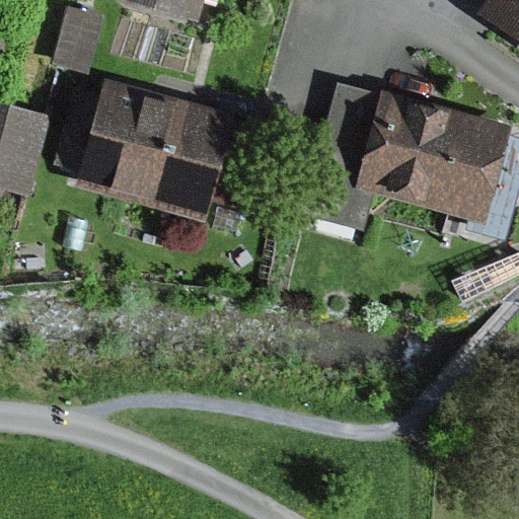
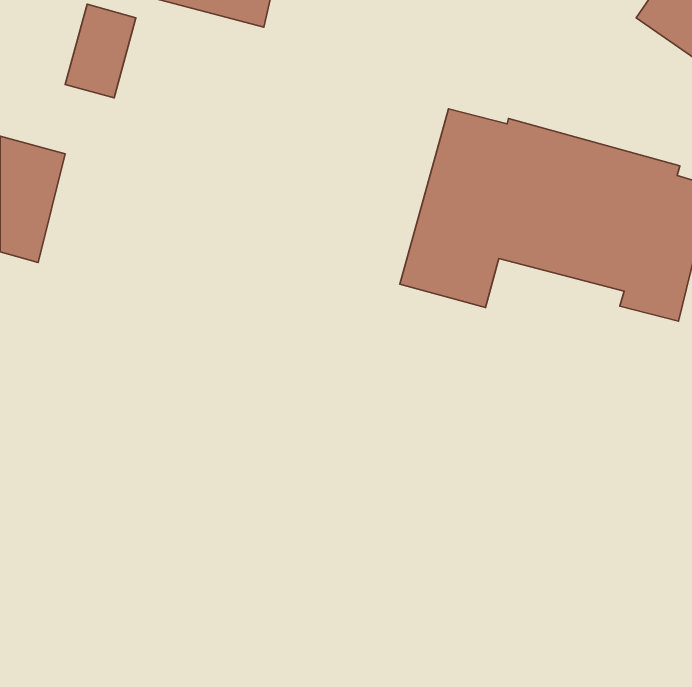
building: [54,77,263,222] -> none

